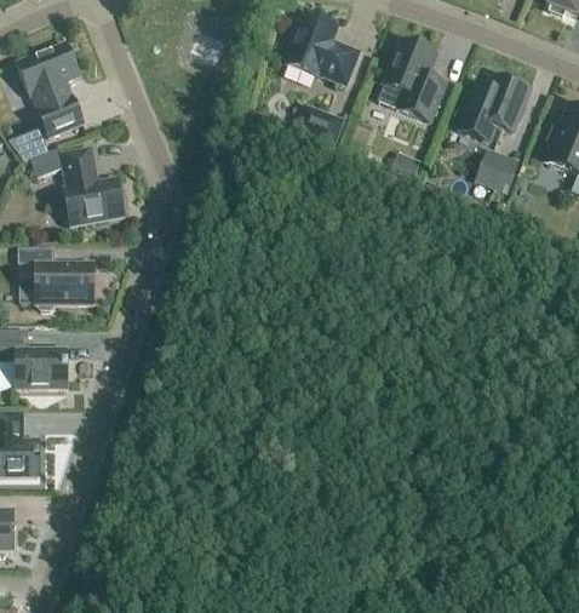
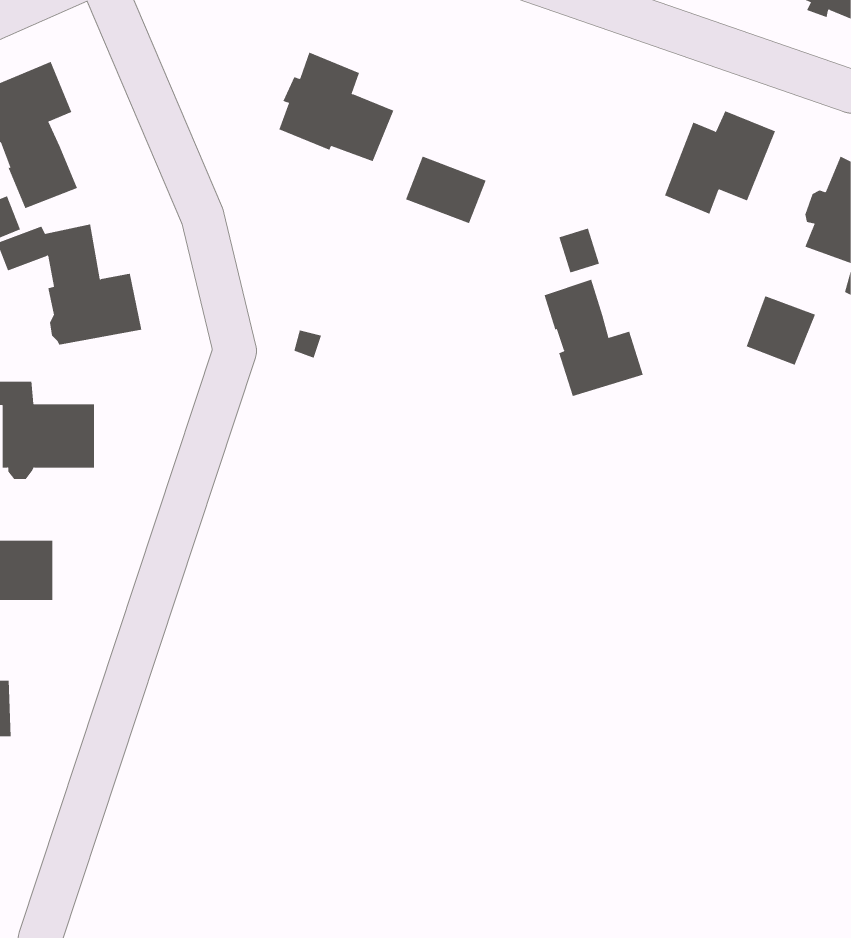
building: [285,13,359,84] -> [279,52,394,162]
building: [379,38,442,121] -> none
building: [474,148,518,193] -> [746,295,816,365]
building: none -> [544,279,643,397]

